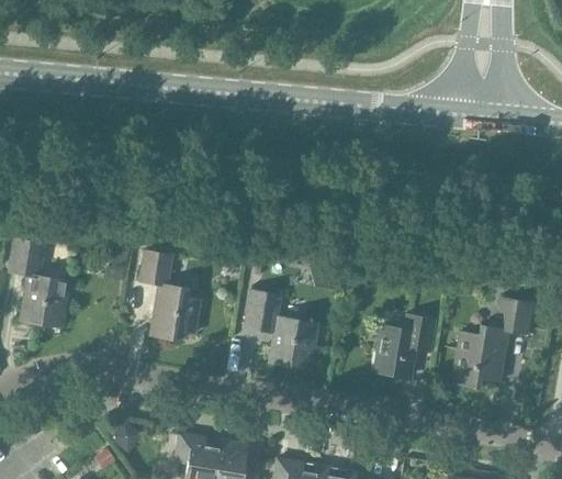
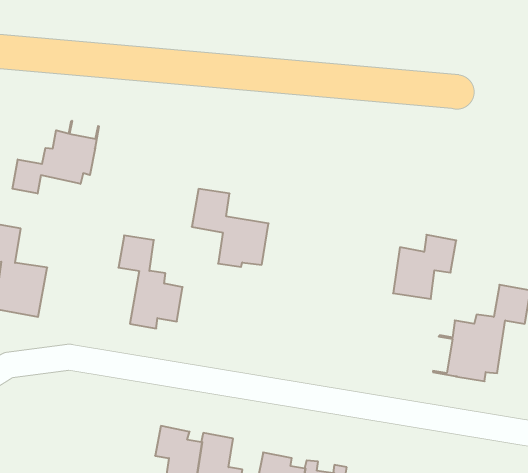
building: none -> [12,121,99,194]
building: [243,291,316,366] -> [192,189,269,267]
building: [373,315,434,377] -> [393,235,456,299]

